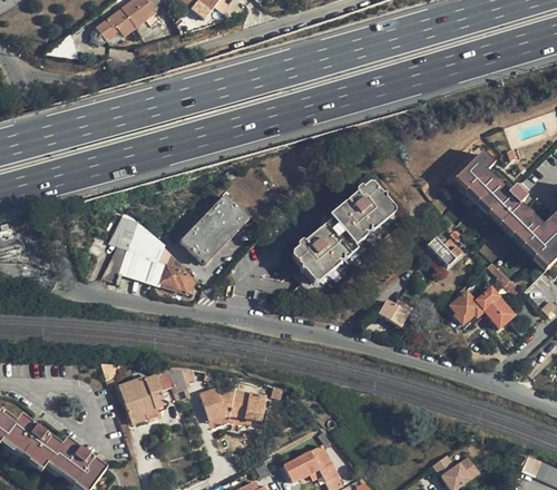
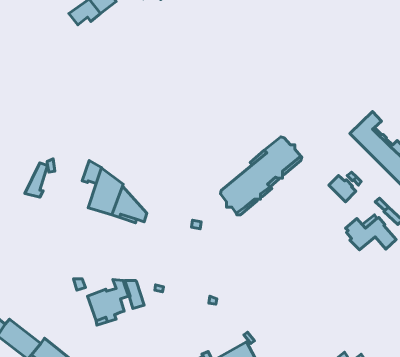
building: [180,195,245,259] -> none
building: [101,239,130,283] -> [25,163,48,197]
building: [377,297,411,327] -> none
building: [199,388,266,420] -> none

